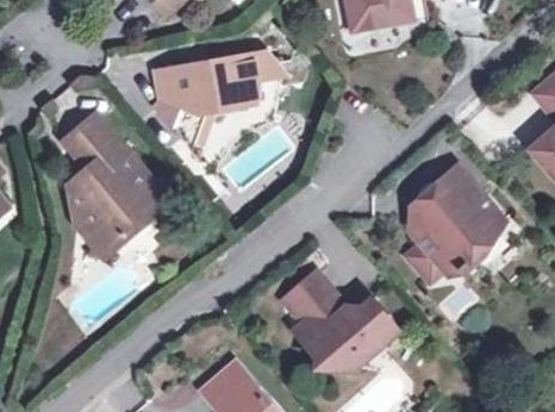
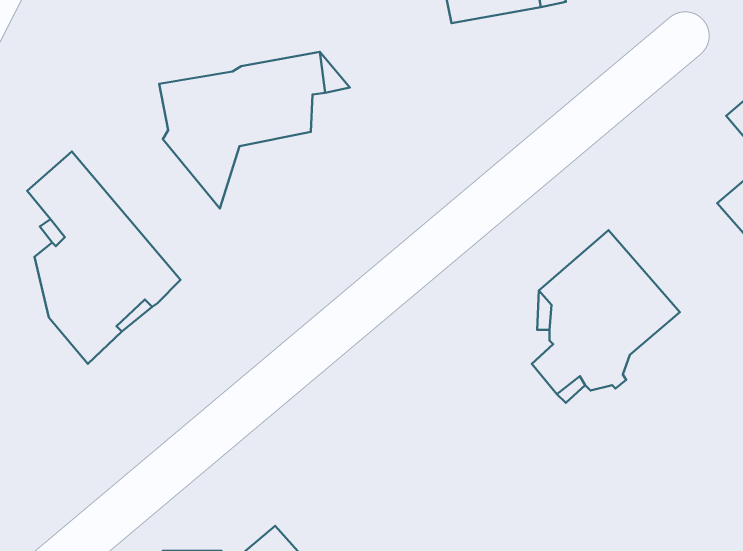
building: [279,273,394,370] -> none

